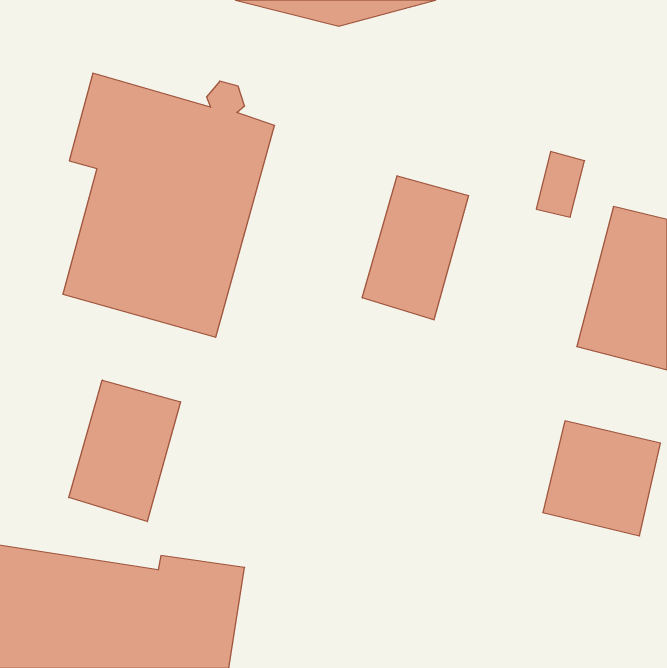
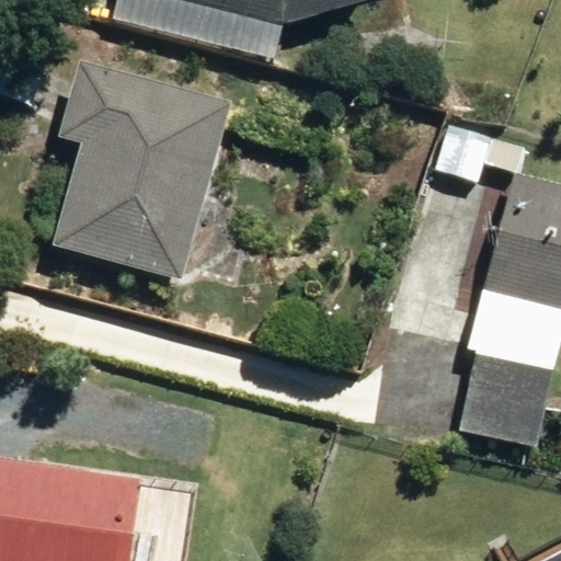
building: [362,176,468,320] -> none
building: [69,380,181,522] -> none

